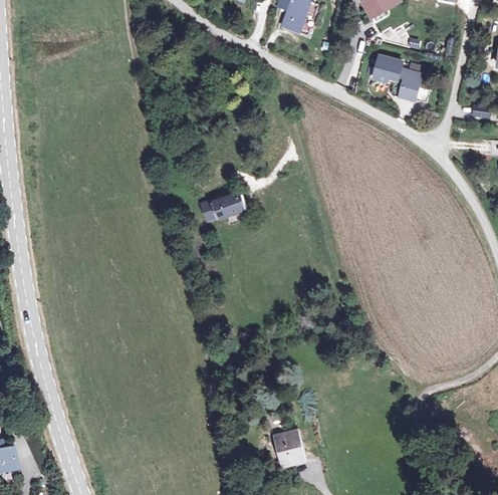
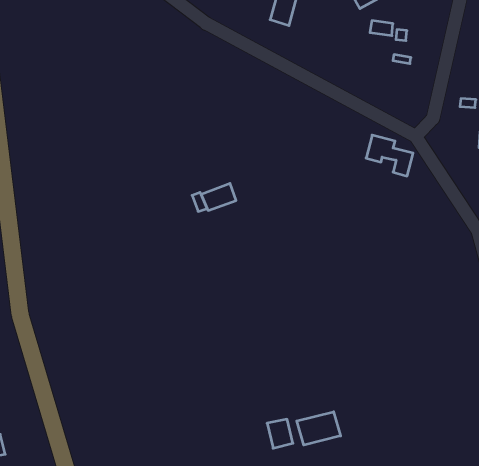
building: [374,56,421,97] -> [366,135,413,176]
building: none -> [297,412,341,445]

